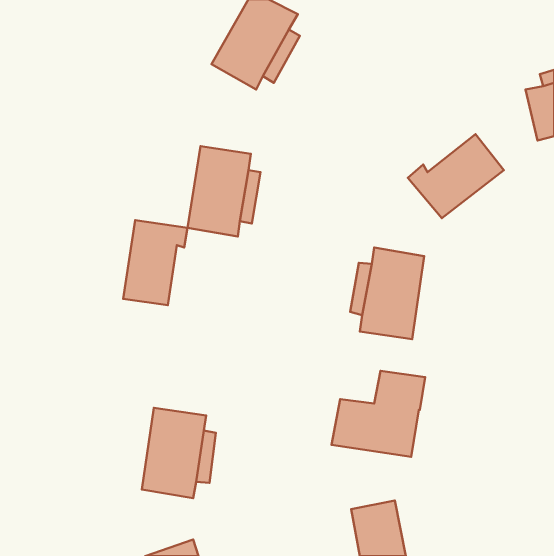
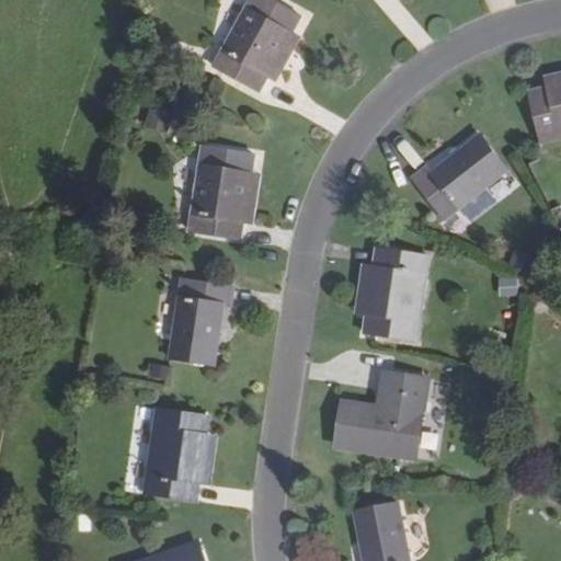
building: [123,220,188,305] -> [168,279,232,365]

